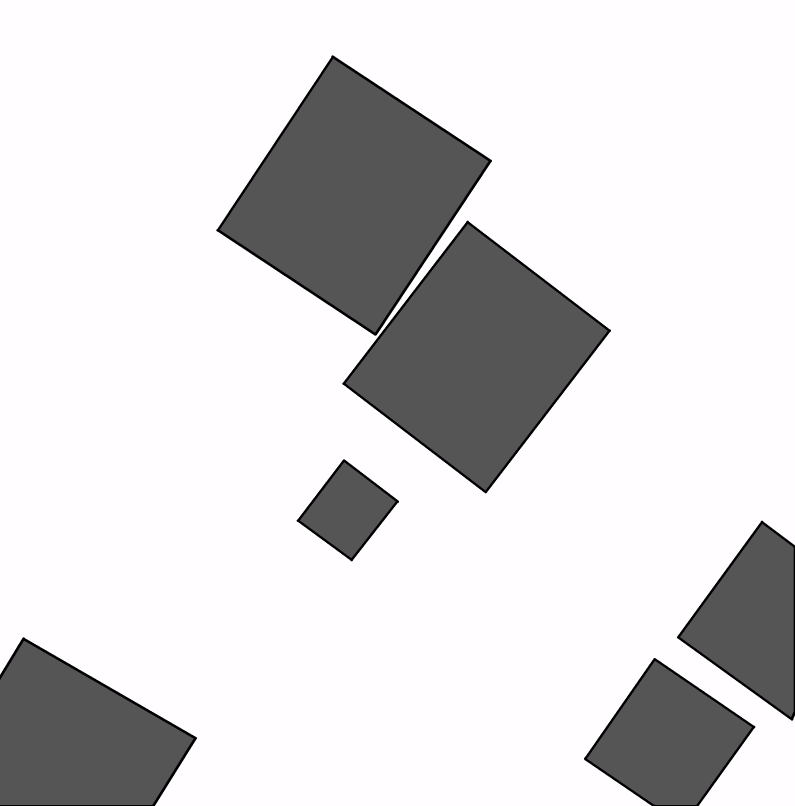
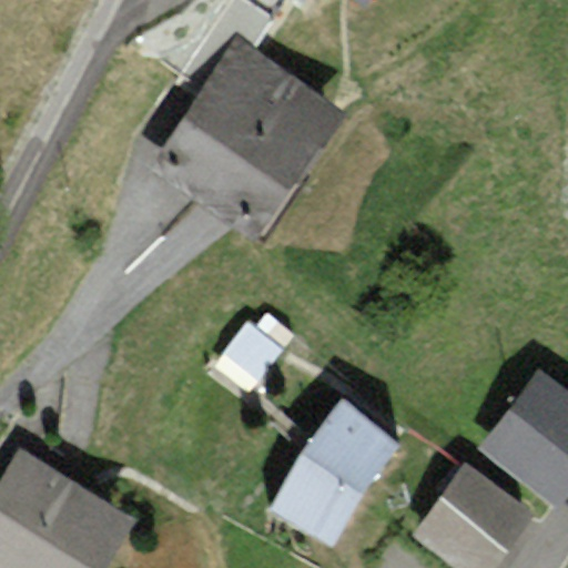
building: [344,222,610,492] -> none
building: none -> [267,397,403,542]

